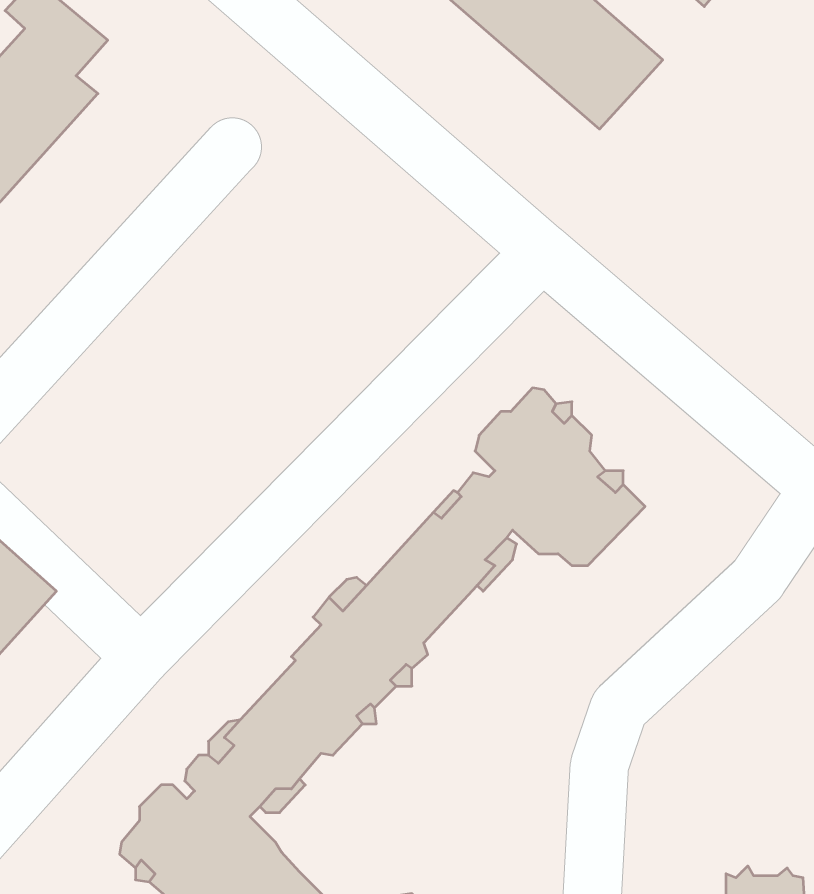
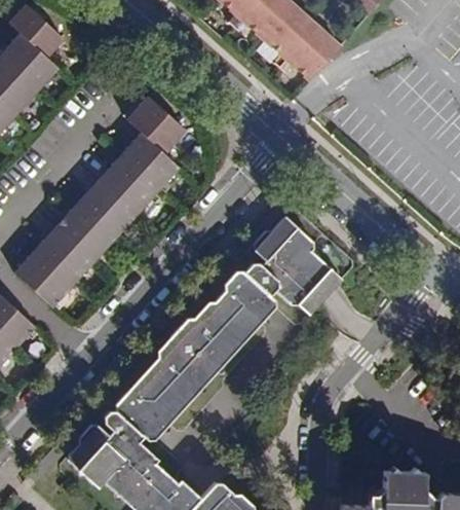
building: none -> [13,97,186,305]

